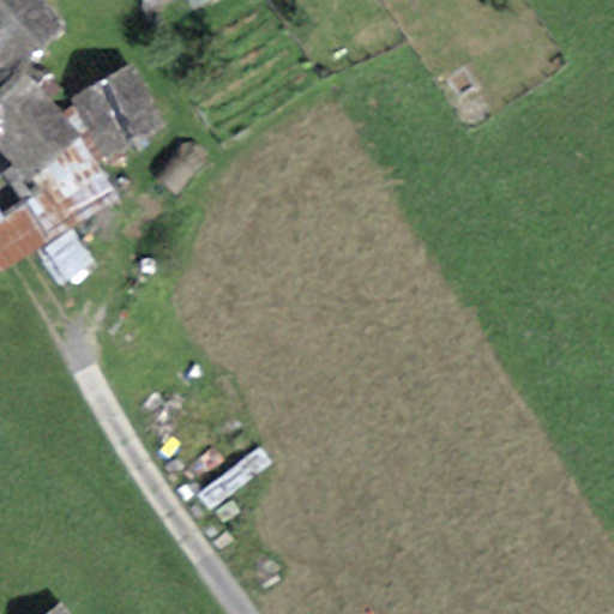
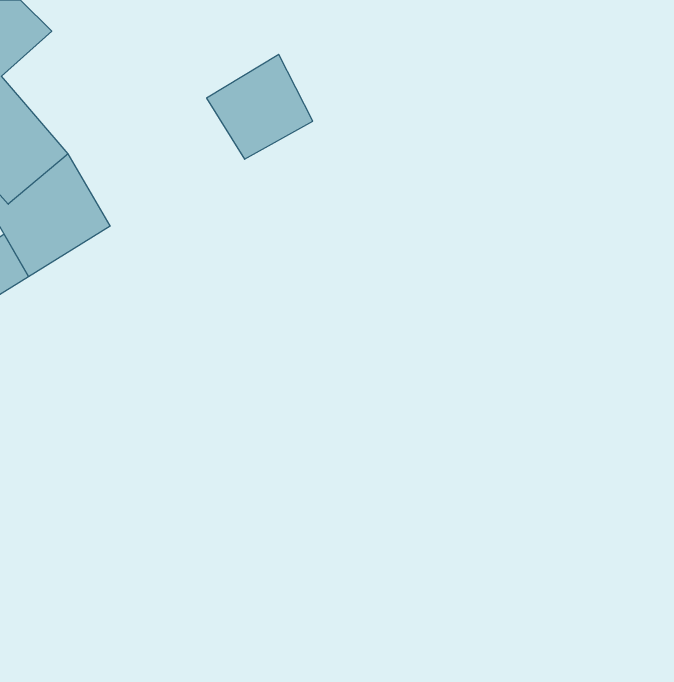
building: [49,74,143,167] -> [207,54,313,159]

